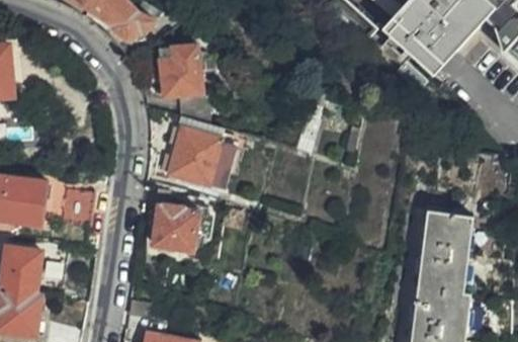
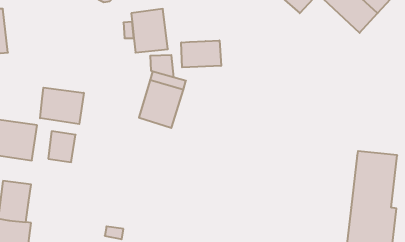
building: none -> [181,40,221,67]
building: none -> [40,88,84,124]
building: [155,204,198,250] -> none

